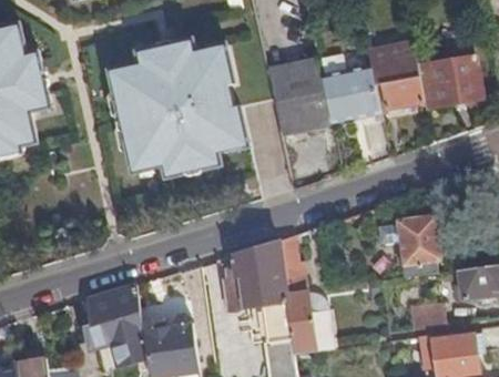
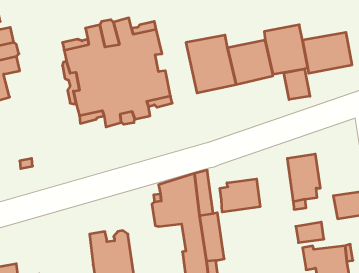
building: none -> [284,69,310,100]
building: none -> [220,179,260,212]
building: [85,285,146,365] -> none

